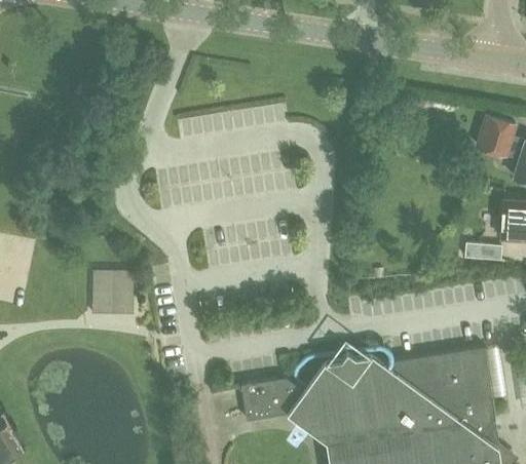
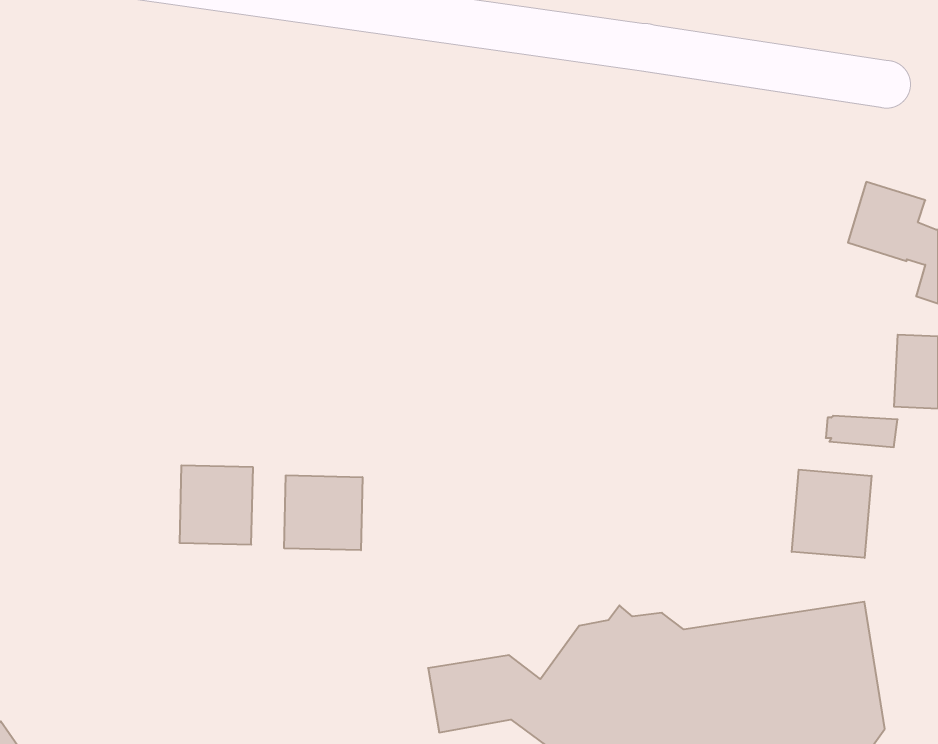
building: none -> [792,470,872,558]
building: none -> [284,475,362,550]

